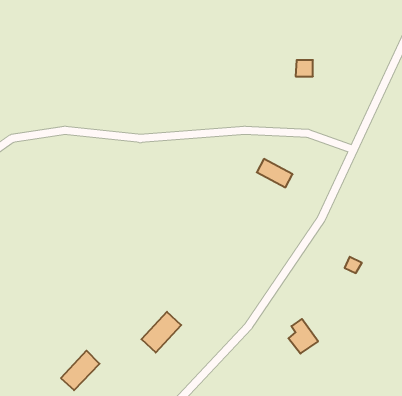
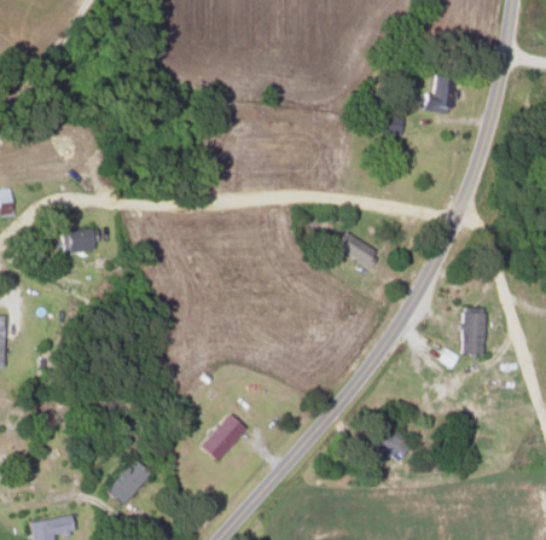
building: none -> [423,76,455,114]
building: none -> [65,228,98,250]
building: none -> [463,313,484,353]

